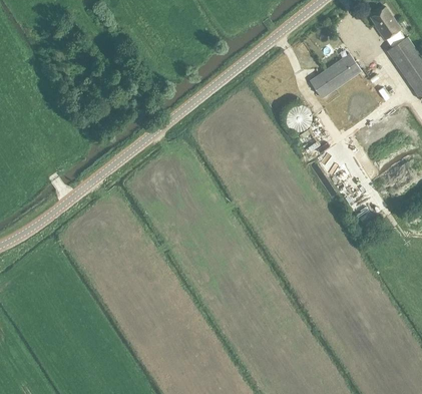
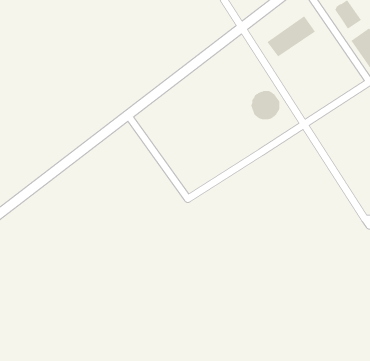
building: [309,54,361,98] -> [267,15,316,57]

